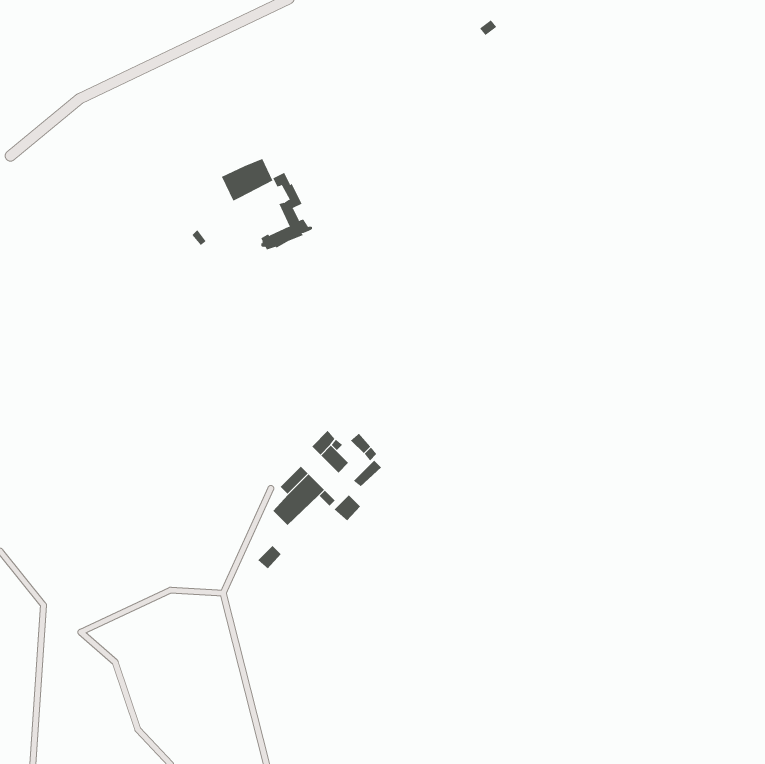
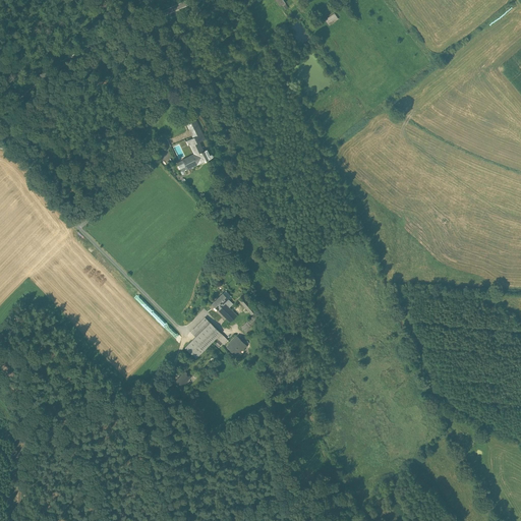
building: [221,158,273,201] -> none

